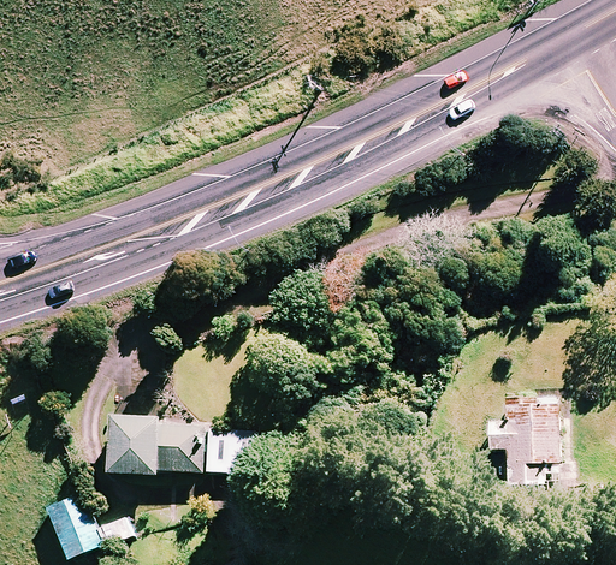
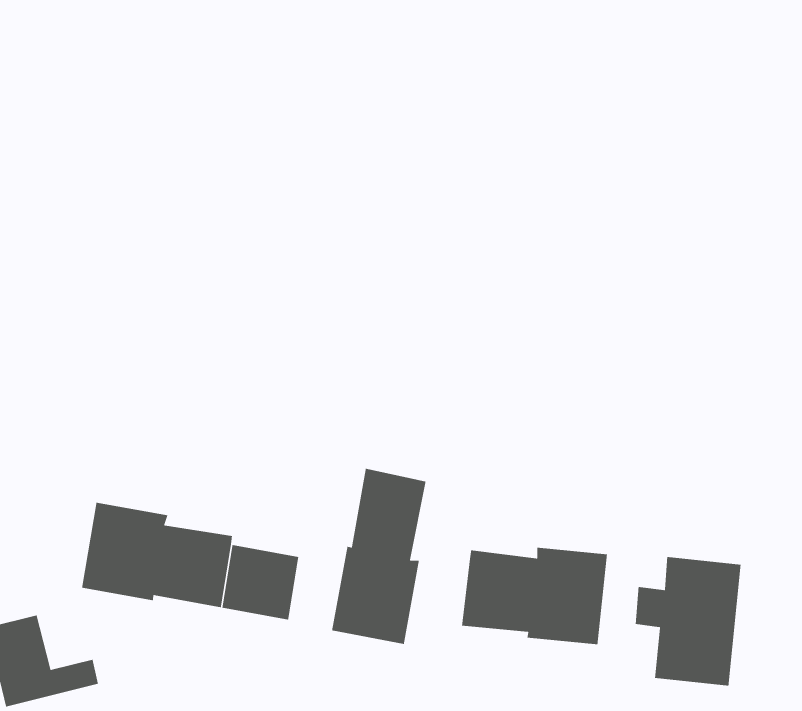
building: none -> [331,468,426,645]
building: none -> [461,547,608,645]

